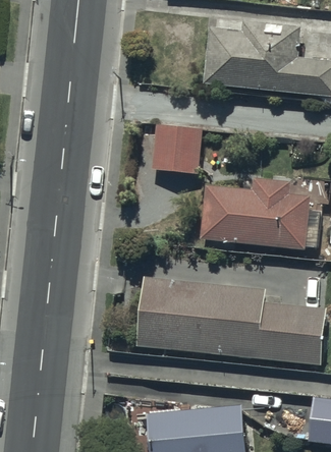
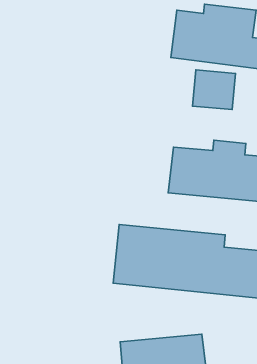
building: [154,122,205,169] -> [192,70,235,110]

